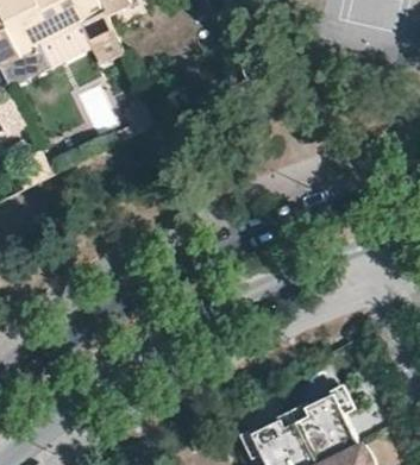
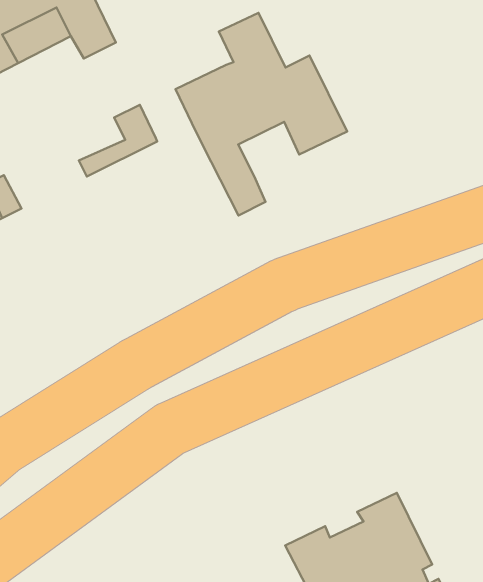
building: none -> [175,13,347,215]

